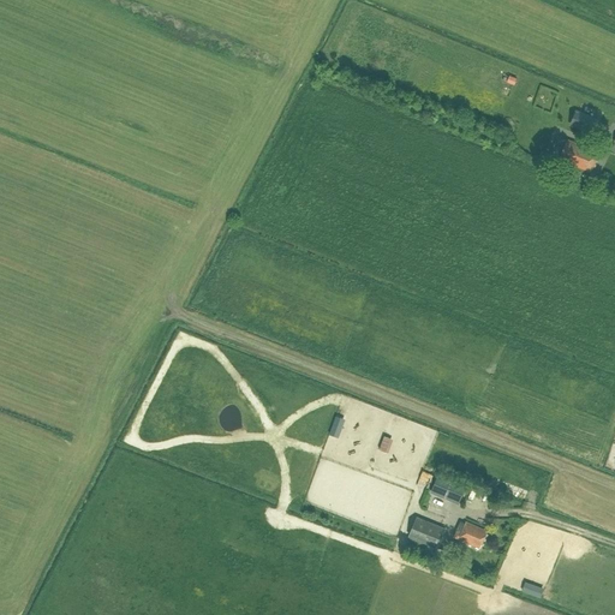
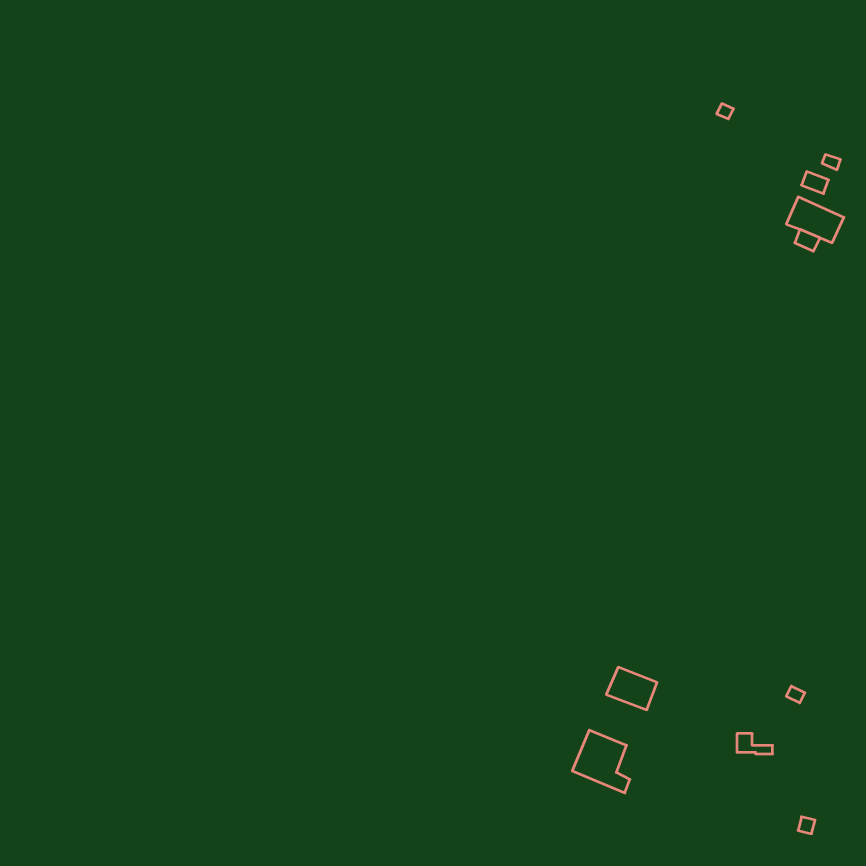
building: [452,519,485,548] -> none

